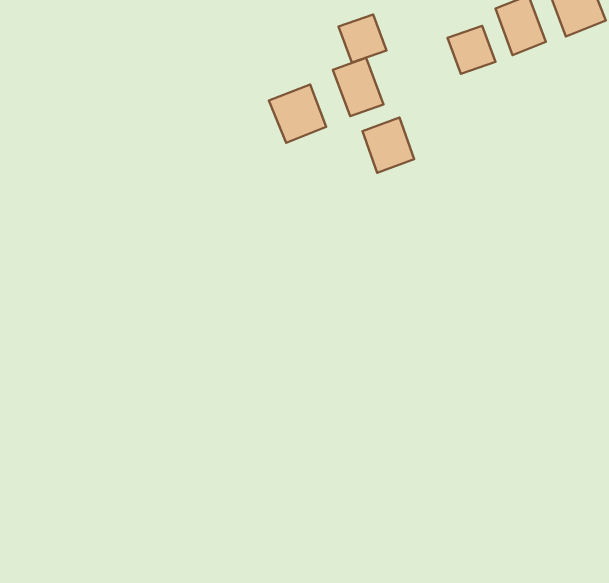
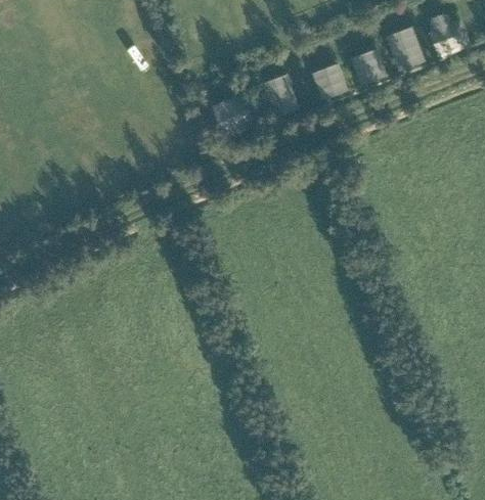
building: [338,15,386,63] -> [312,62,349,99]
building: [362,117,414,173] -> none

